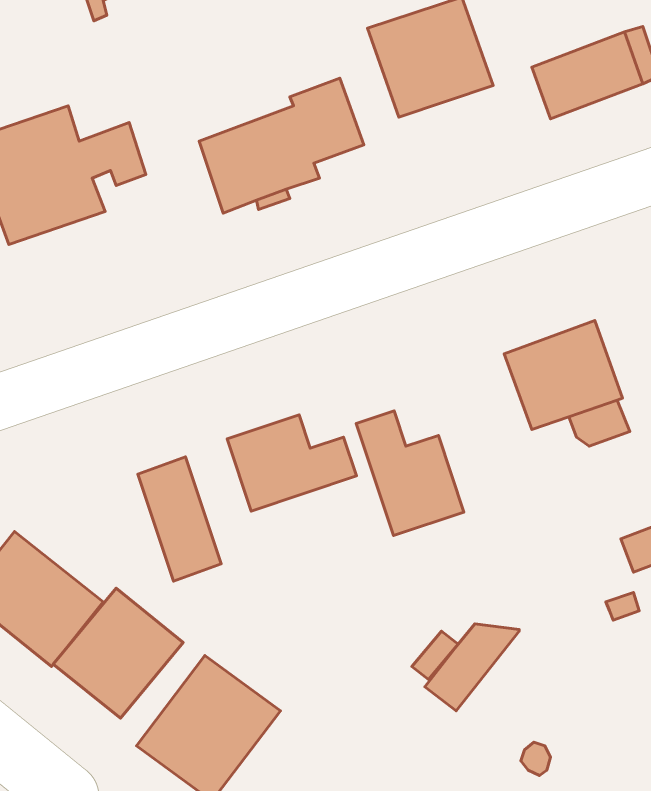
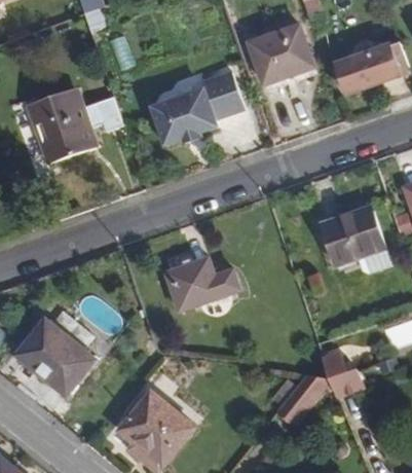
building: [356,411,464,536] -> none
building: [138,457,221,581] -> none
building: none -> [322,351,362,396]
building: [53,588,183,718] -> none

